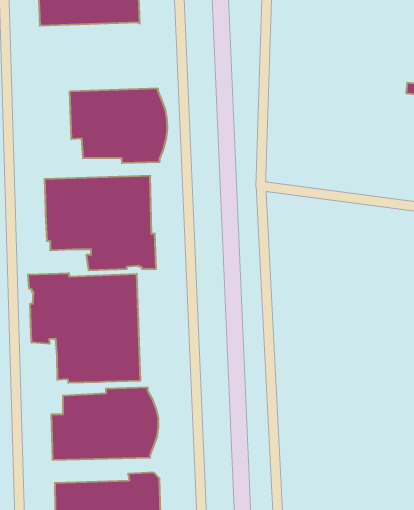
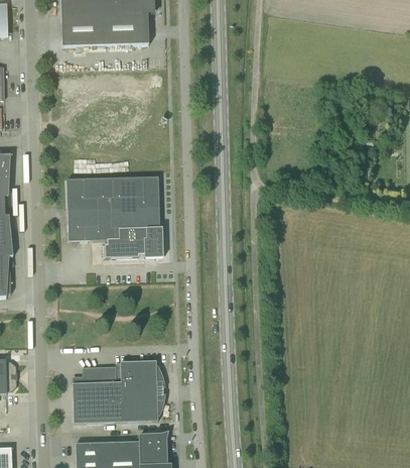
building: [70,88,167,163] -> none
building: [28,273,140,383] -> none

